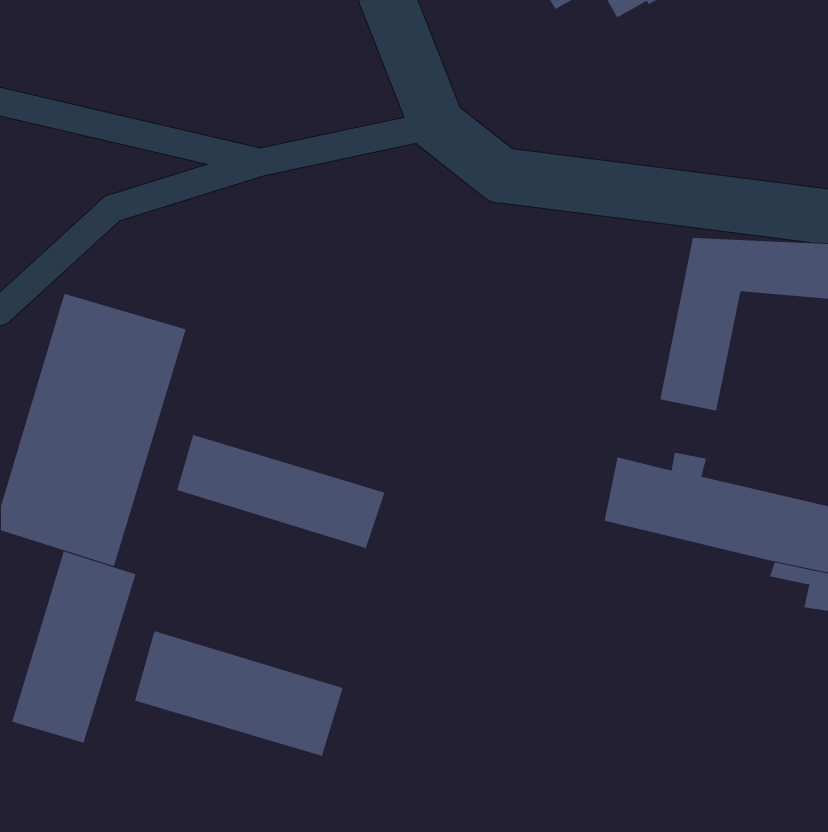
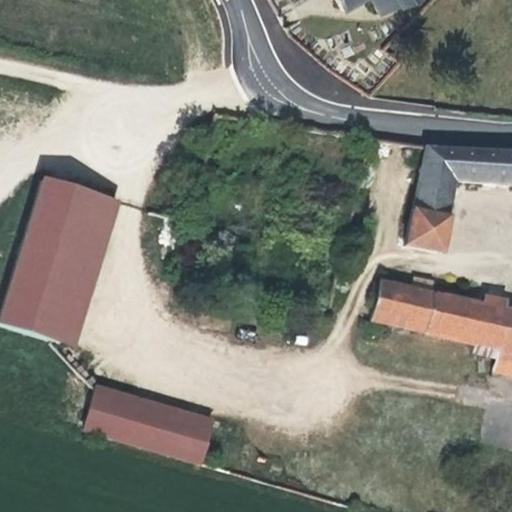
building: [176,434,385,549] -> none
building: [12,551,136,743] -> none

